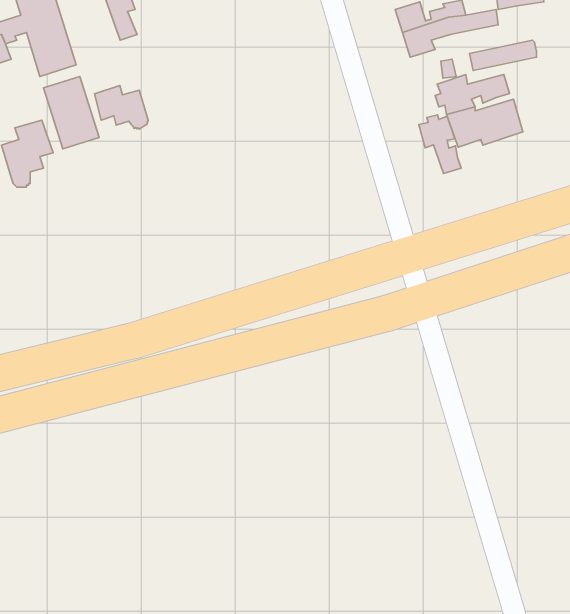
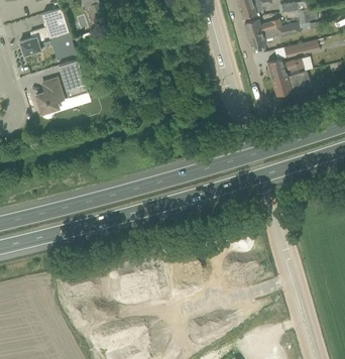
building: [95,86,148,129] -> none
building: [419,115,461,173] -> none

